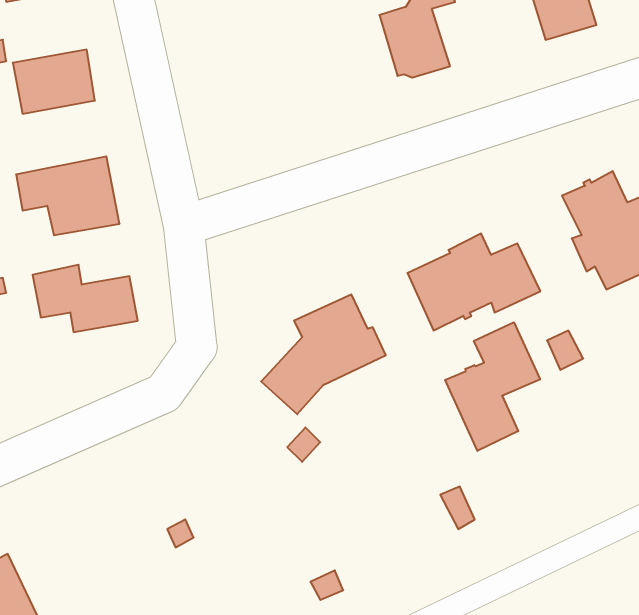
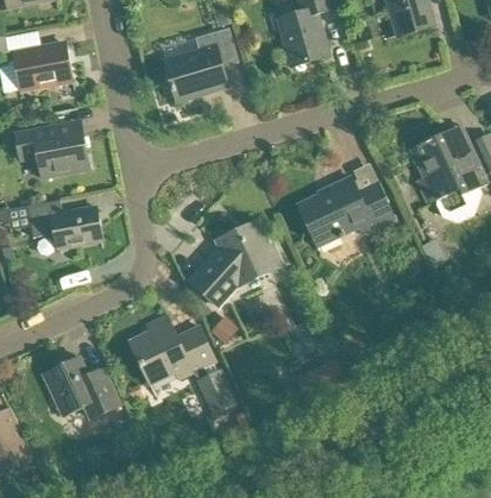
building: none -> [163,29,238,100]
building: [445,322,540,451] -> none
building: none -> [133,315,238,415]
building: none -> [43,357,119,418]

